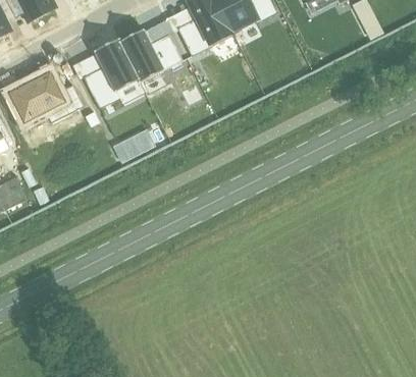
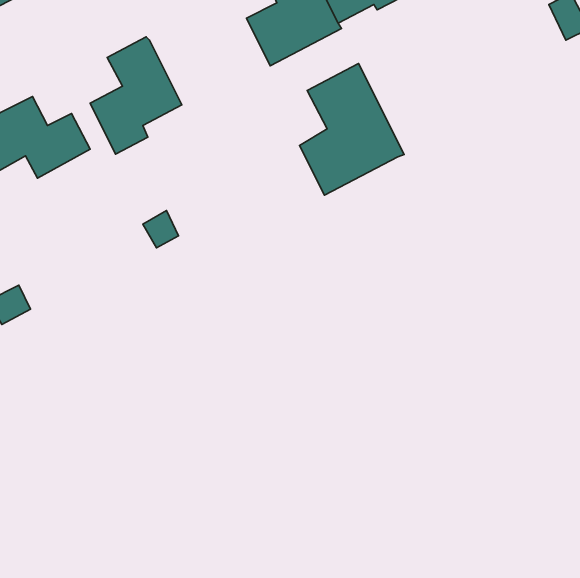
building: [118,29,181,82] -> none
building: none -> [300,64,404,195]

